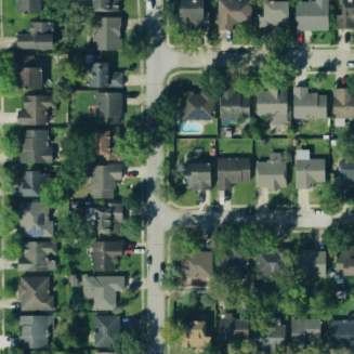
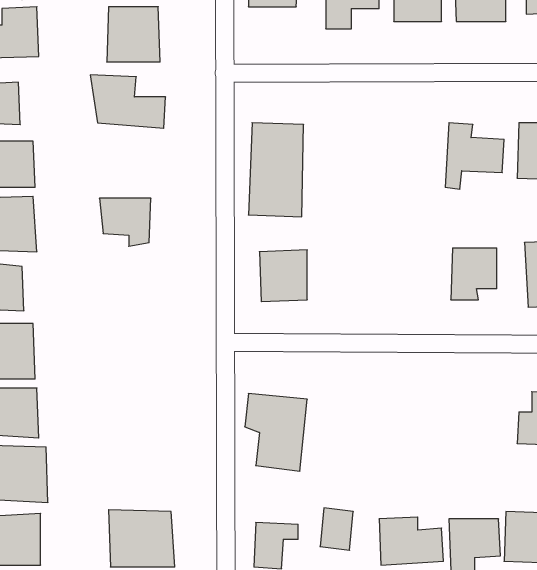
building: [257,91,288,126] -> none
building: [93,92,124,122] -> none
building: [217,94,248,127] -> none
building: [255,149,285,188] -> none
building: [217,157,251,191] -> none
building: [88,163,121,200] -> none
building: [87,204,121,236] -> none
building: [92,240,121,272] -> none
building: [222,246,252,276] -> none
building: [292,249,326,275] -> none
building: [253,251,281,285] -> none
building: [82,277,129,310] -> none

